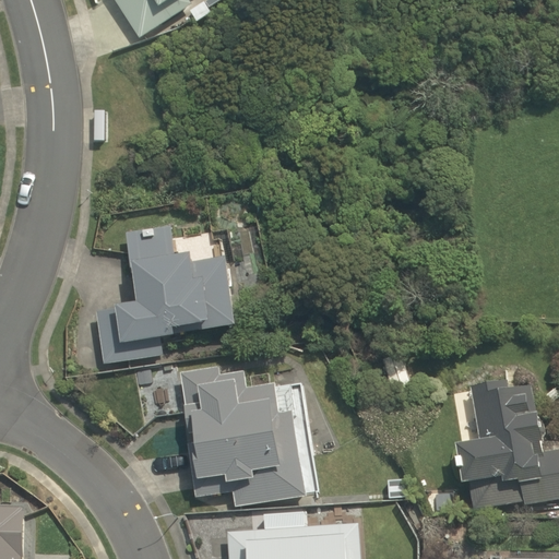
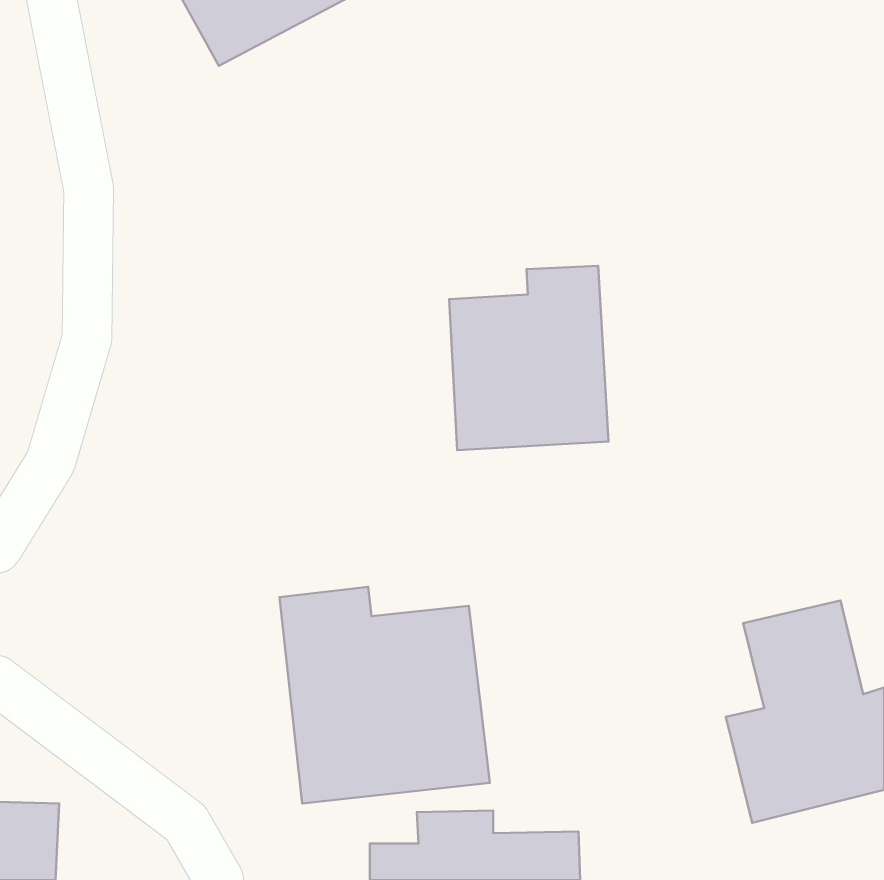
building: none -> [449,266,609,450]
building: [97,229,237,368] -> none

